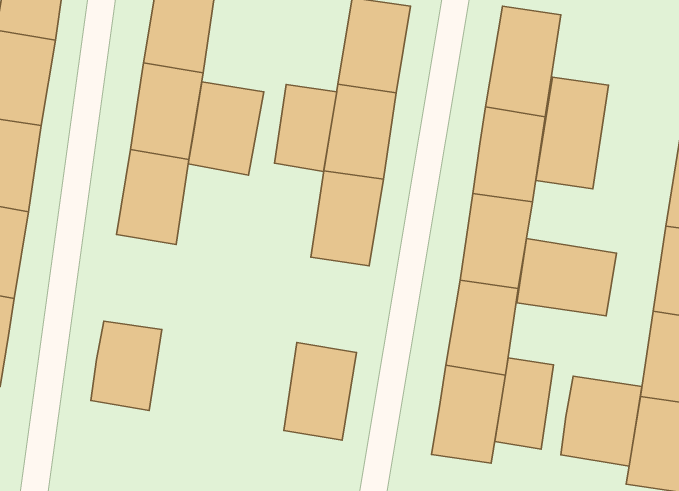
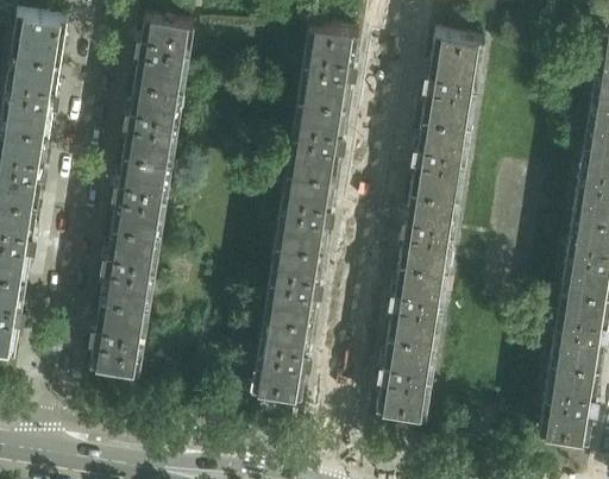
building: [536,77,609,189] -> none
building: [188,82,264,175] -> none
building: [275,85,337,172] -> none
building: none -> [100,228,161,308]
building: [517,239,617,316] -> none
building: none -> [262,247,322,327]
building: [495,358,554,449] -> none
building: [561,376,642,466] -> none

